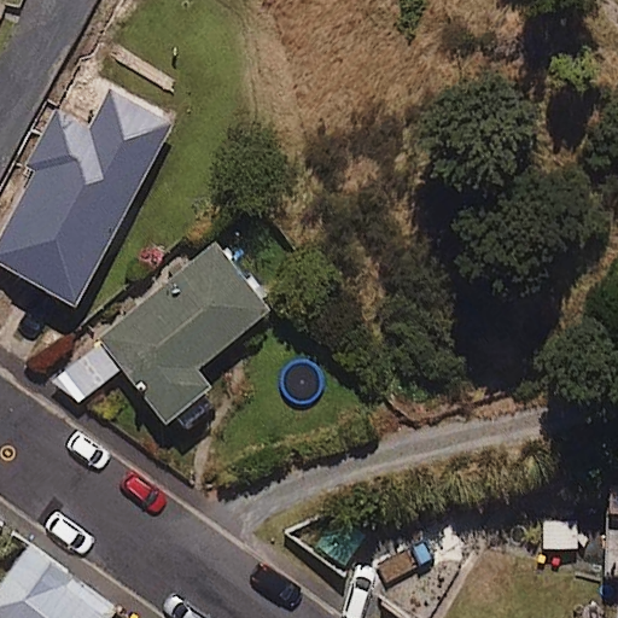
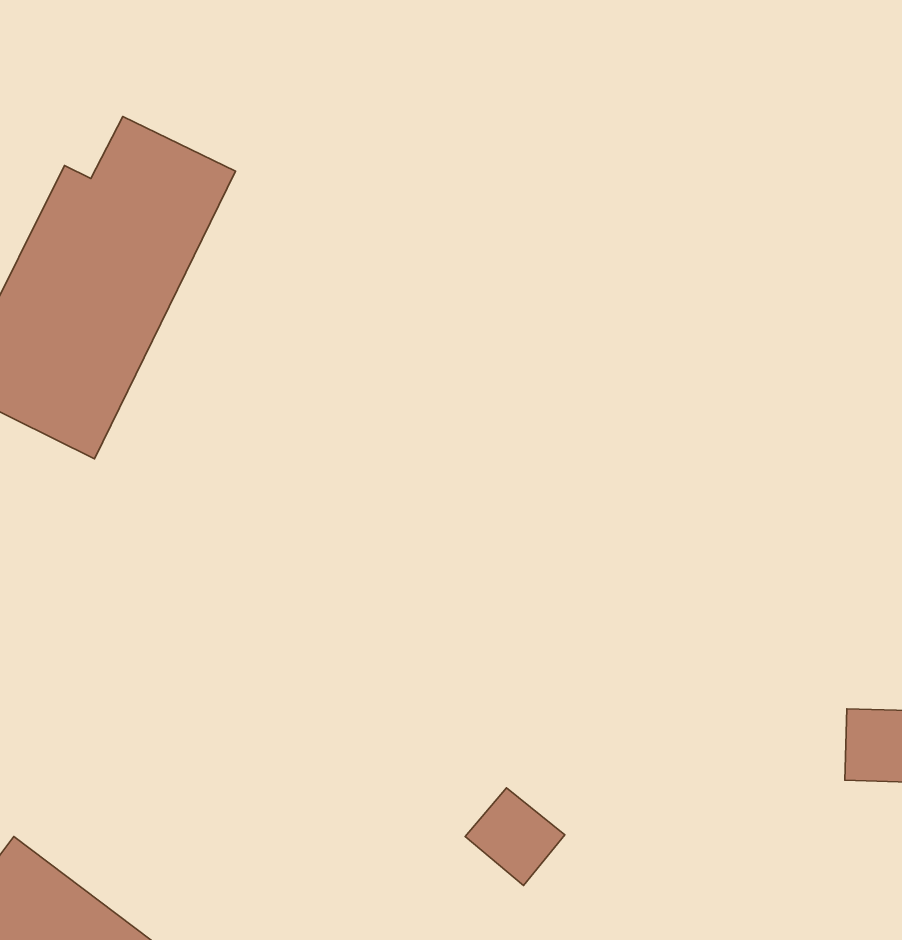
building: [100,245,267,421] -> none

